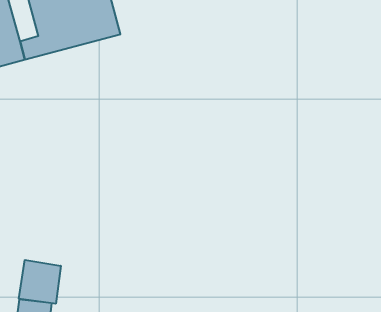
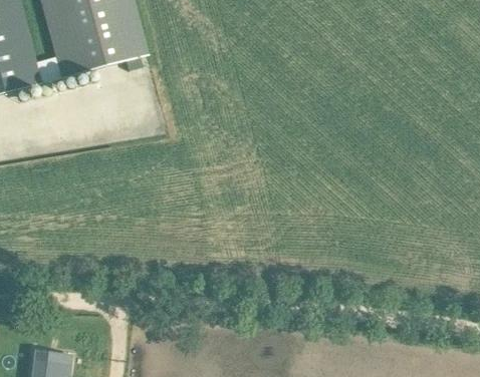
building: [19,260,61,304] -> none

